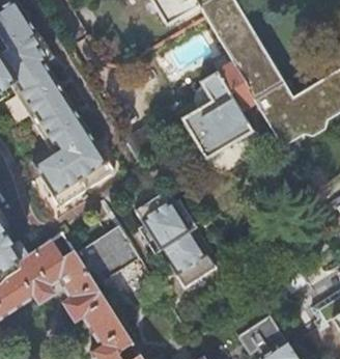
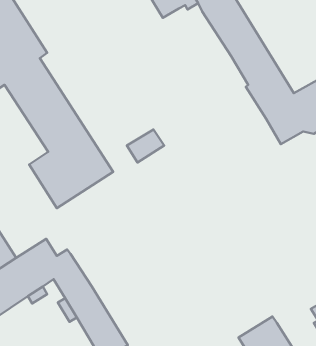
building: [182,60,266,158] -> none
building: [138,193,219,291] -> none
building: [76,225,141,285] -> none

